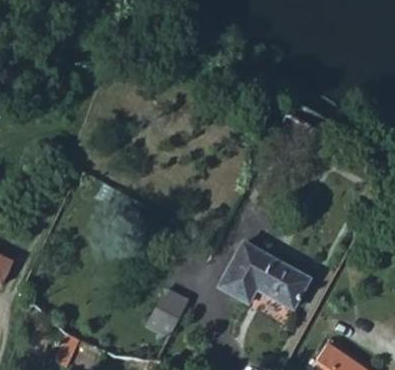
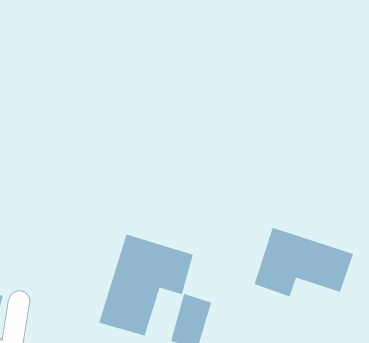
building: none -> [98,233,194,336]

